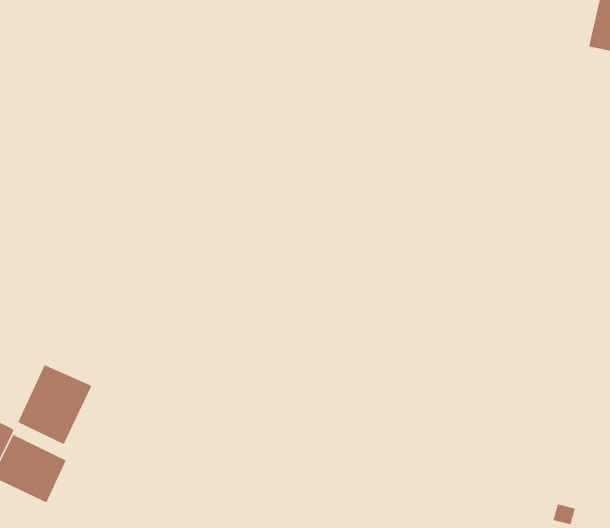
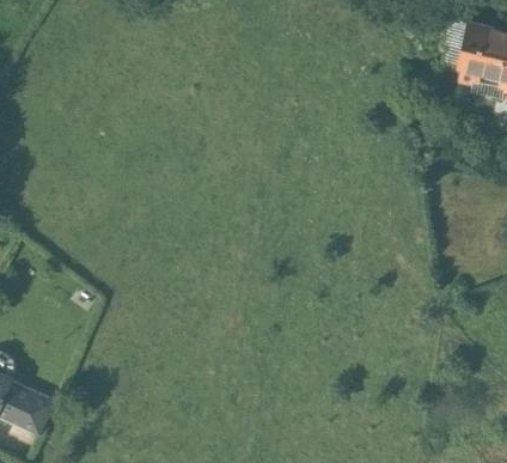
building: [17,364,92,445] -> none

